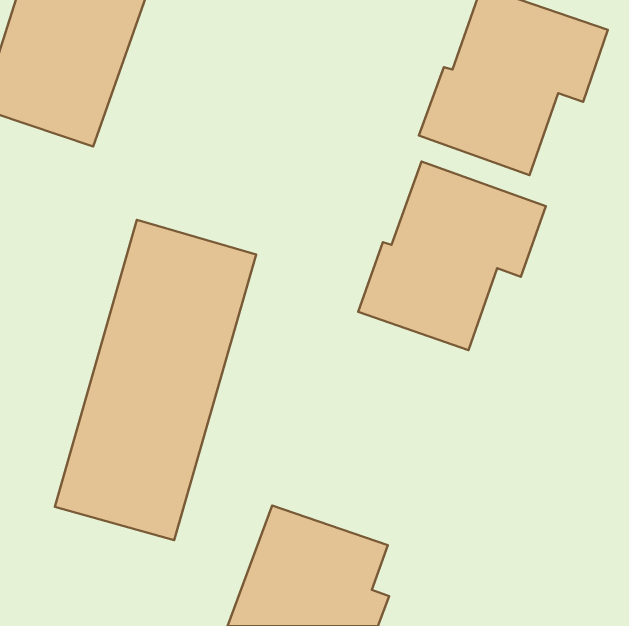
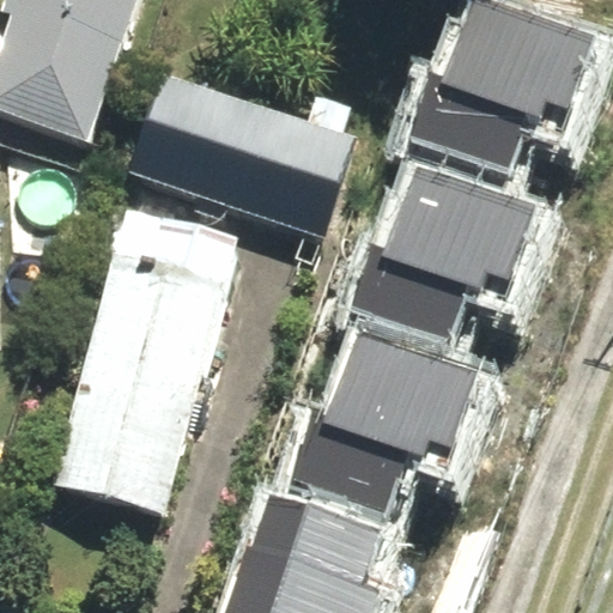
building: none -> [128,72,360,242]
building: none -> [289,324,469,506]

